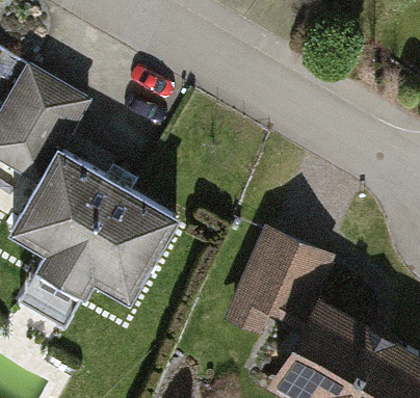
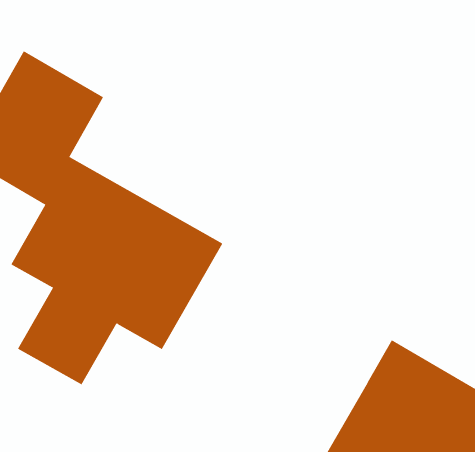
building: [221,224,329,336] -> none

